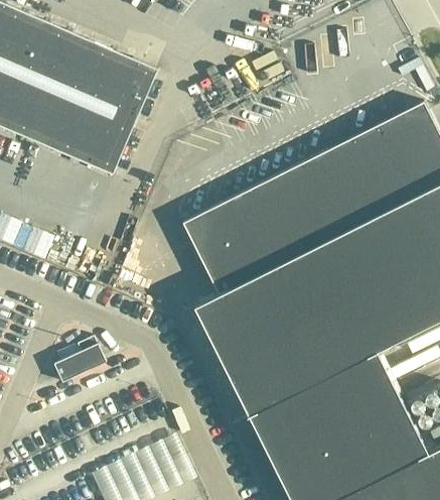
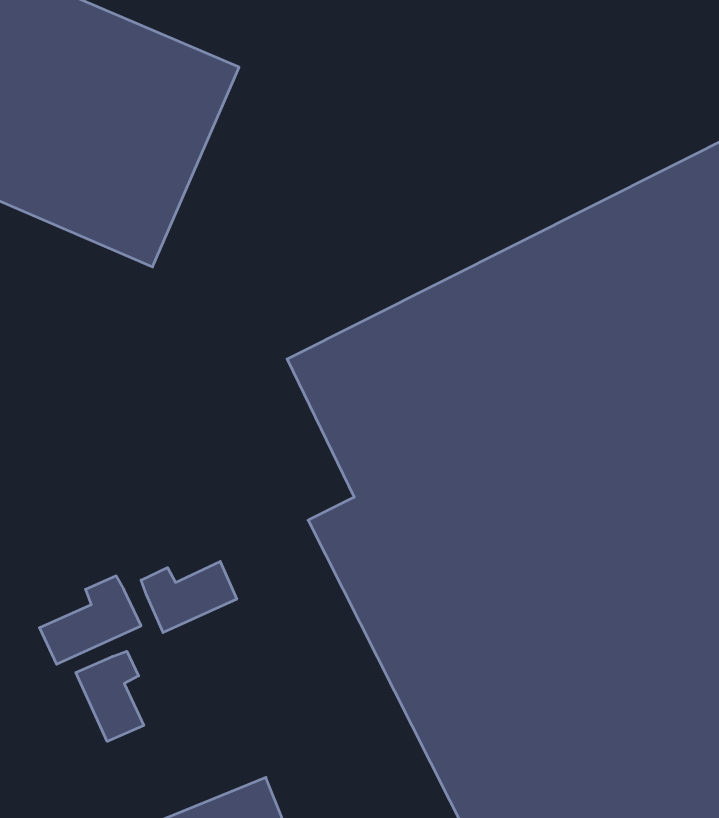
building: none -> [141,561,237,633]
building: none -> [76,651,144,741]

